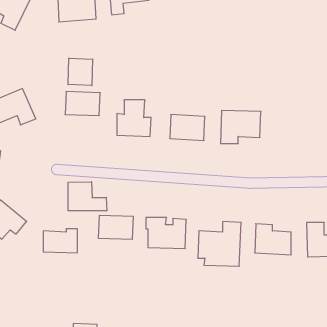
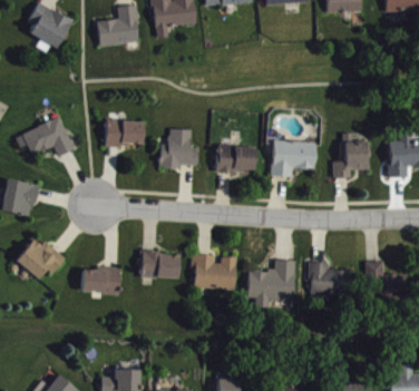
building: [68,58,93,86] -> none
building: none -> [333,133,367,178]
building: [68,182,107,211] -> none

